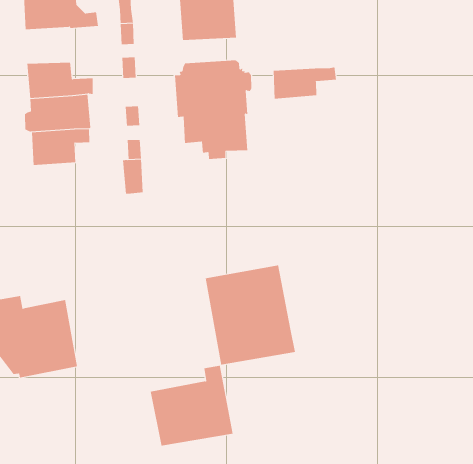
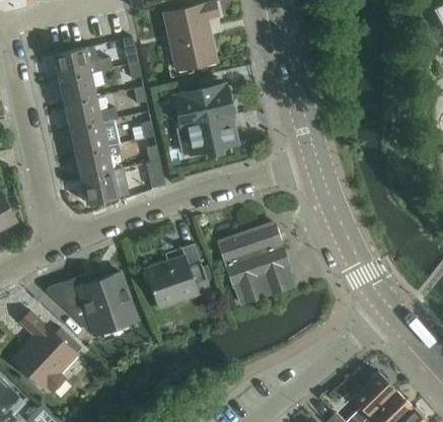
building: none -> [59,73,96,104]
building: [273,66,337,100] -> none
building: none -> [80,171,118,204]
building: [150,365,233,446] -> [145,243,211,309]

